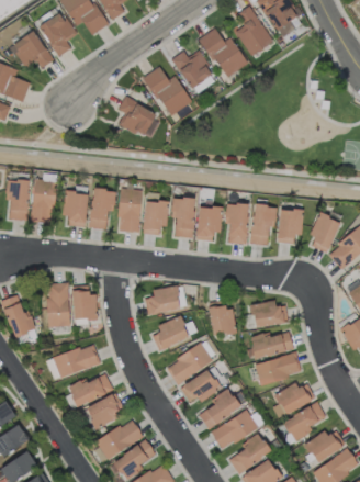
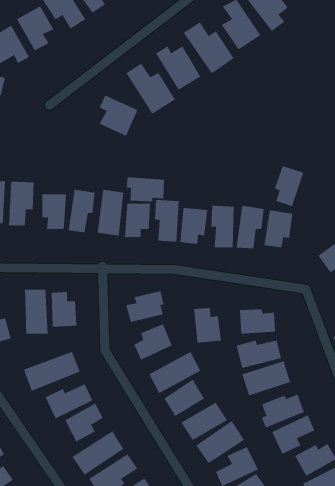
building: none -> [126,176,165,202]
building: [311,213,339,253] -> [274,165,304,207]

